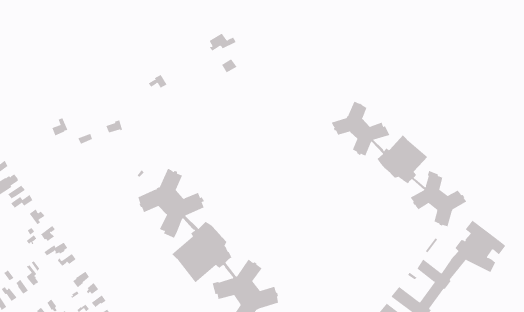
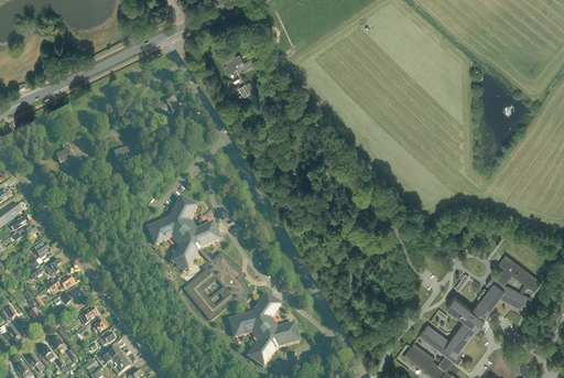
building: [331,101,467,227] -> none

